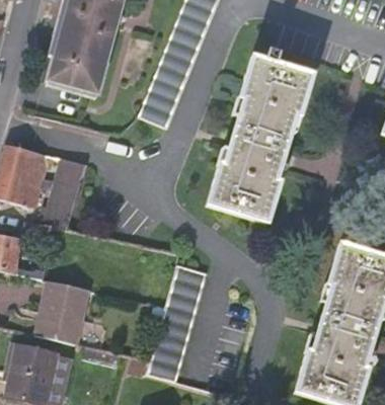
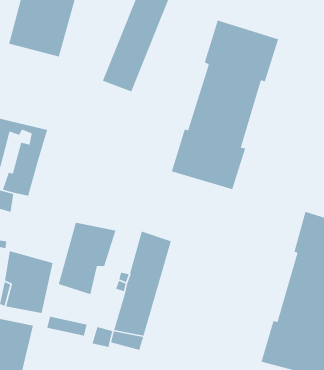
building: none -> [58,222,117,295]

